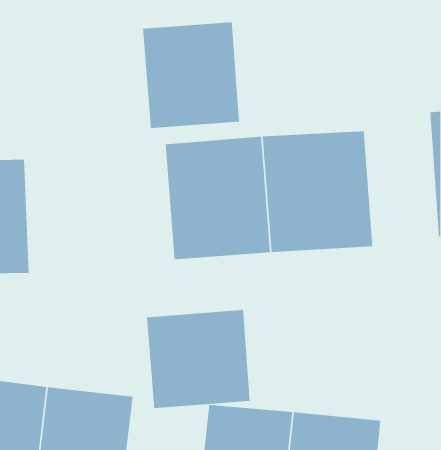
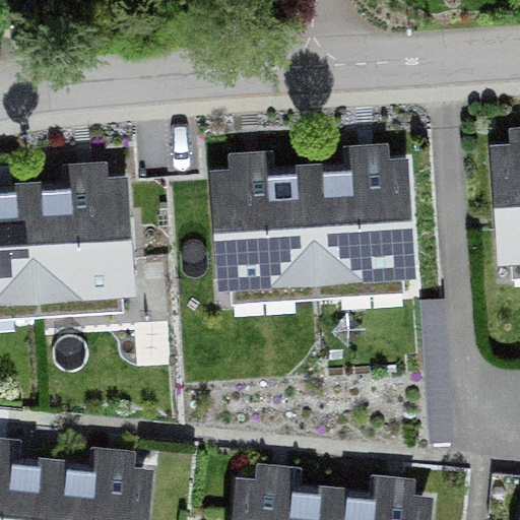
building: [143,21,239,129] -> none
building: none -> [28,182,145,317]
building: [147,309,250,409] -> none

